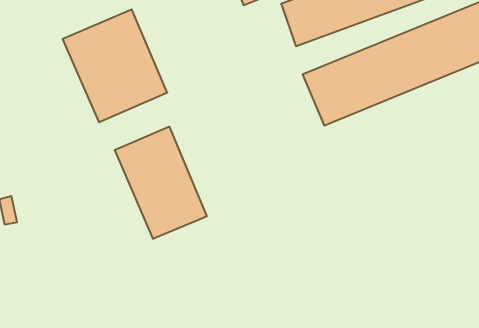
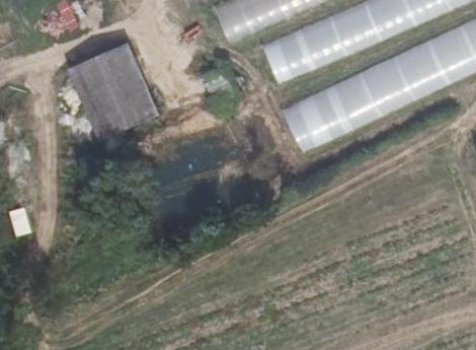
building: [115,127,207,239] -> none

